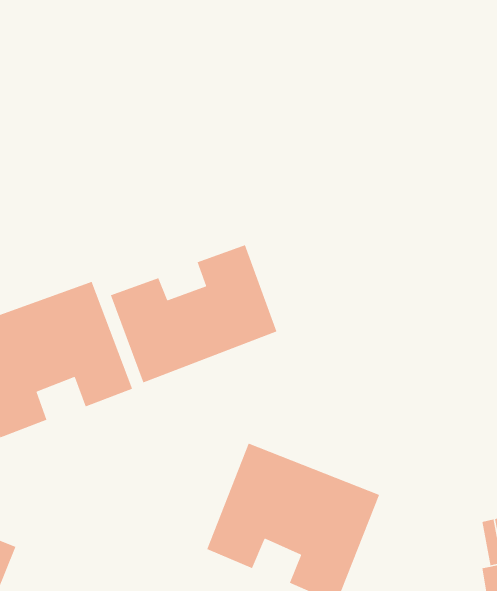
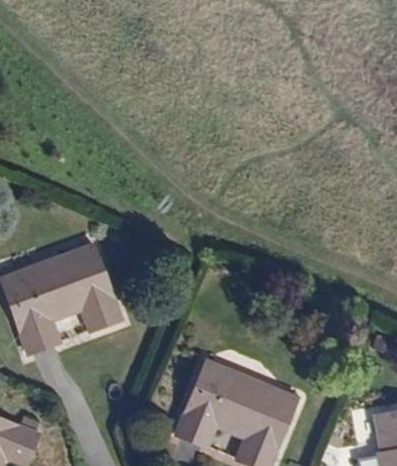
building: [110,244,277,383] -> none

